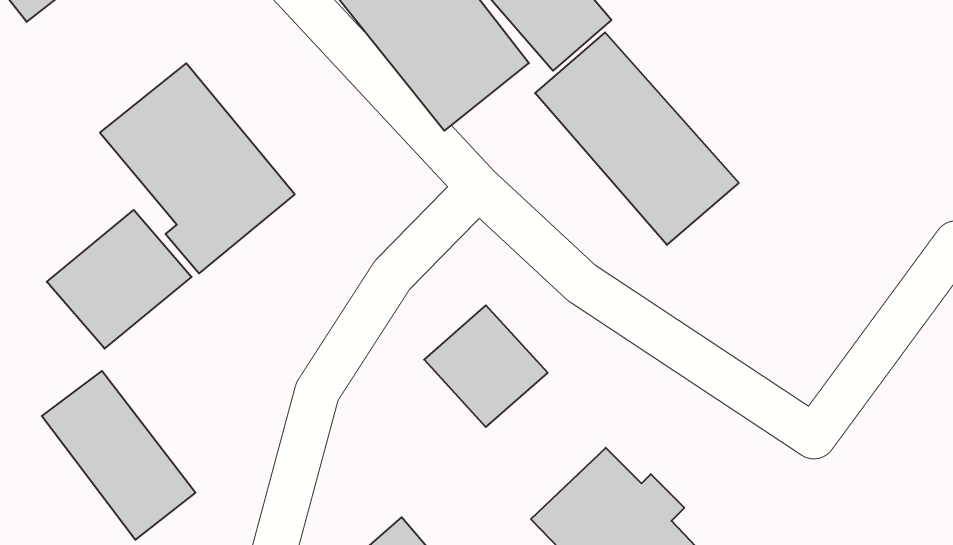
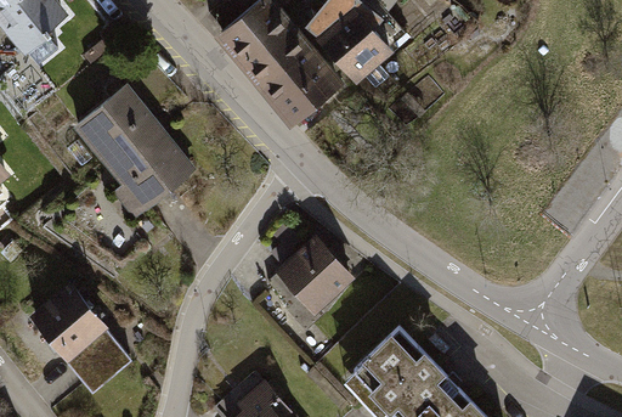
building: [535,32,739,245] -> none
building: [47,210,192,349] -> none

